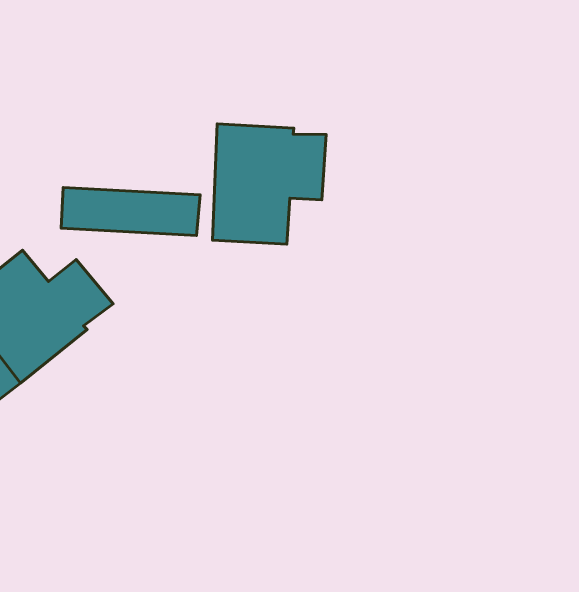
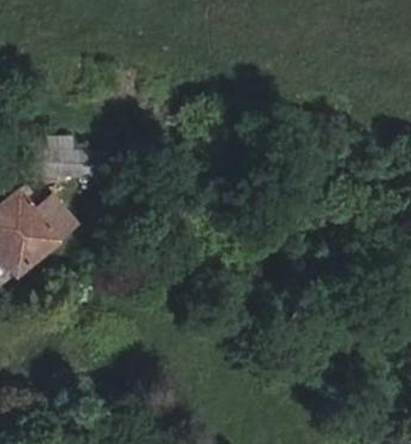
building: [213,124,326,244] -> none

